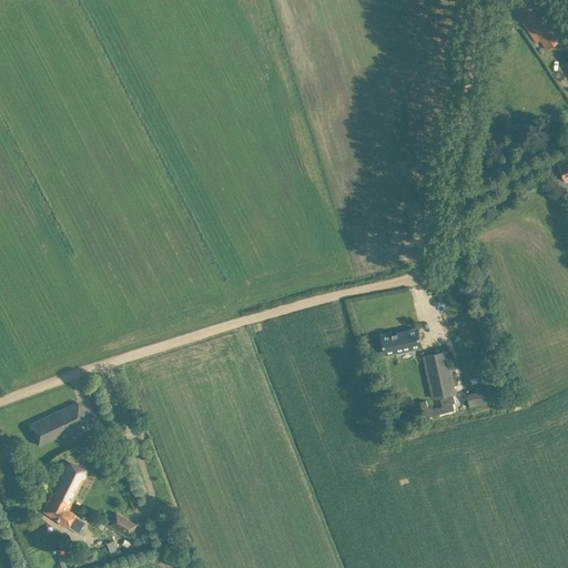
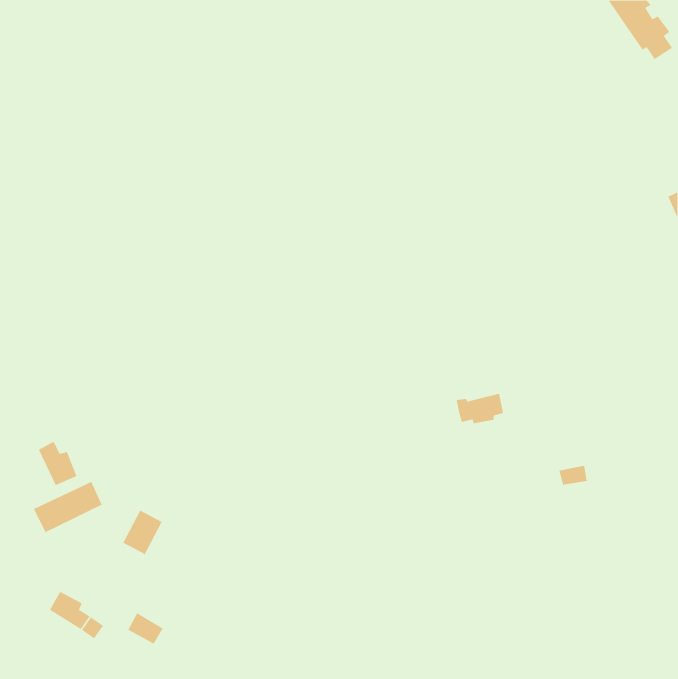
building: [423,351,455,398] -> none
building: none -> [38,441,77,486]
building: [50,466,83,504] -> [123,510,162,555]

